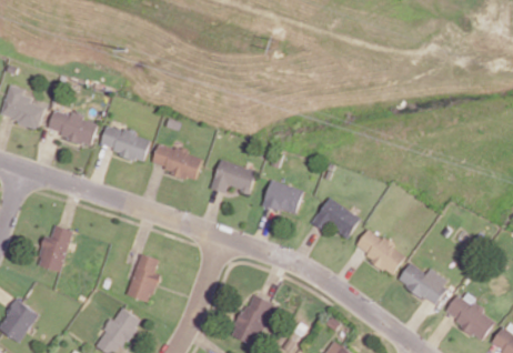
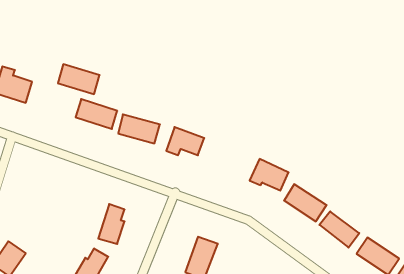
building: [47,109,98,145] -> [58,64,100,94]
building: [263,181,302,213] -> none
building: [36,225,72,272] -> none

